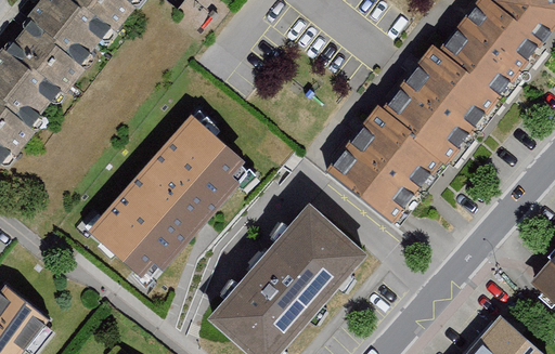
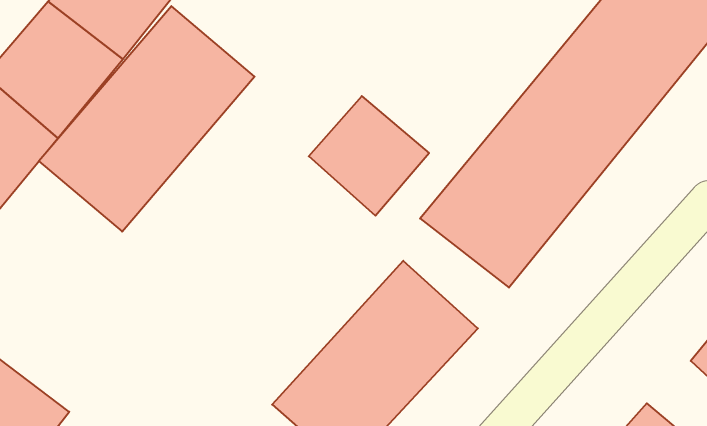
building: none -> [309,96,429,216]
building: [80,104,246,277] -> [39,6,255,232]

